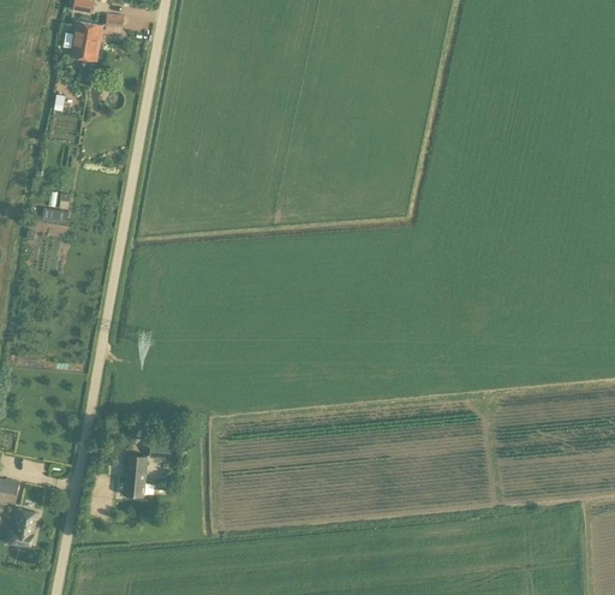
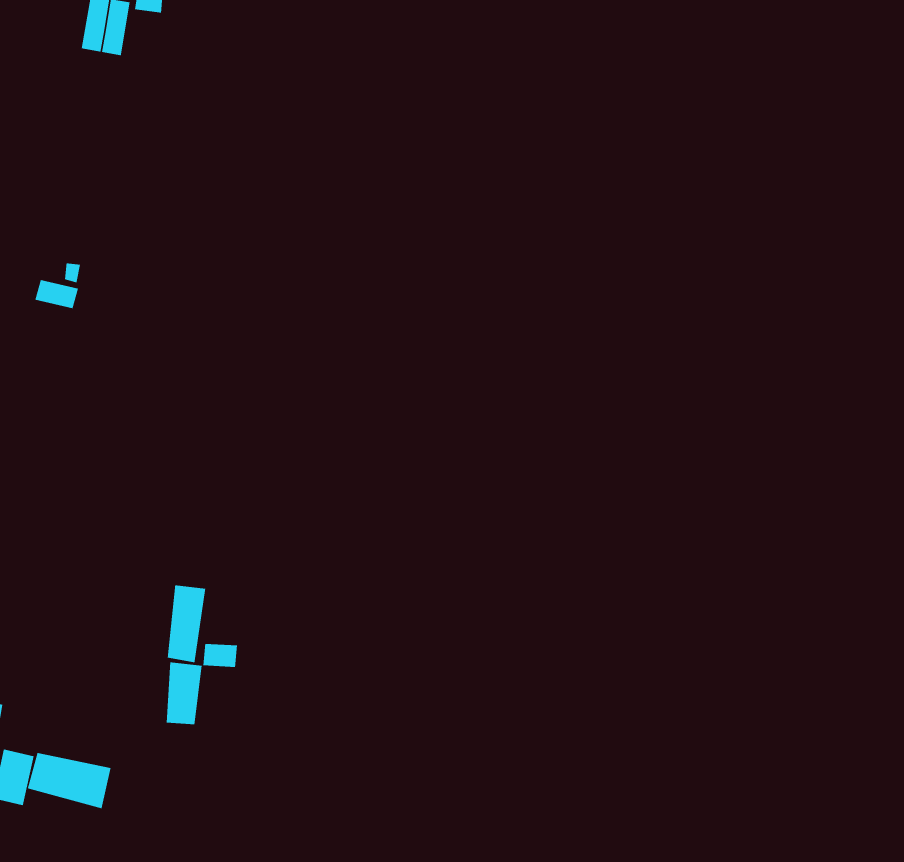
building: none -> [167,585,206,663]
building: none -> [27,752,111,809]

